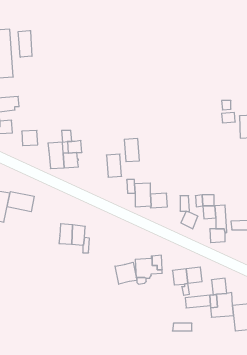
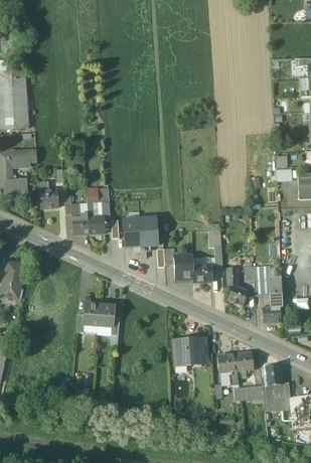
building: [18,31,32,57] -> none
building: [124,139,139,162] -> [123,218,141,246]
building: [7,192,34,212] -> none
building: [115,262,137,284] -> none

